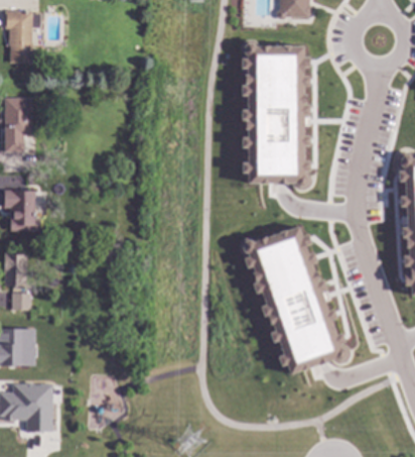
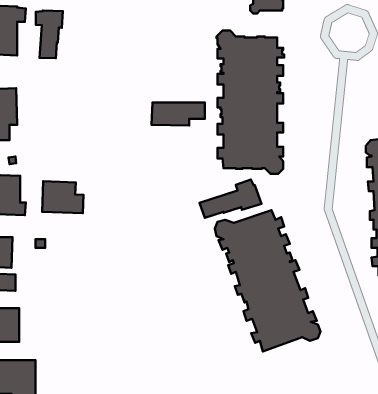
building: none -> [36,10,63,58]
building: none -> [152,103,205,126]
building: none -> [199,179,261,218]
building: none -> [42,181,83,213]

